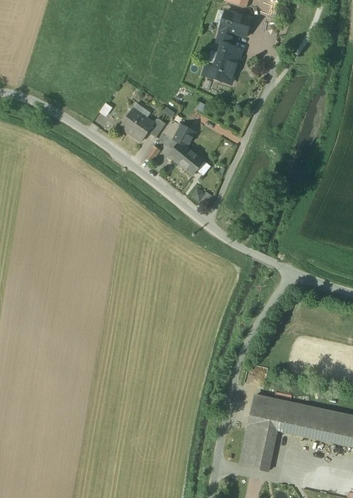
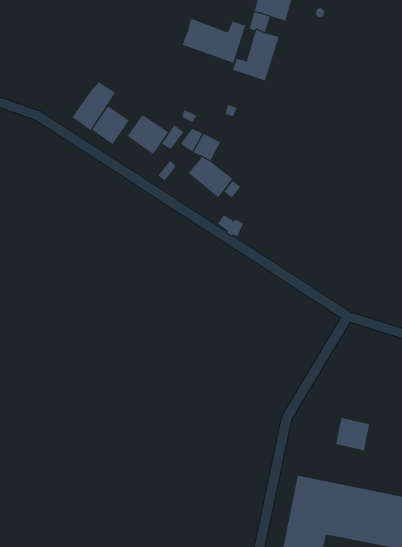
building: none -> [182,19,246,63]
building: none -> [72,81,116,131]
building: none -> [336,417,370,451]

